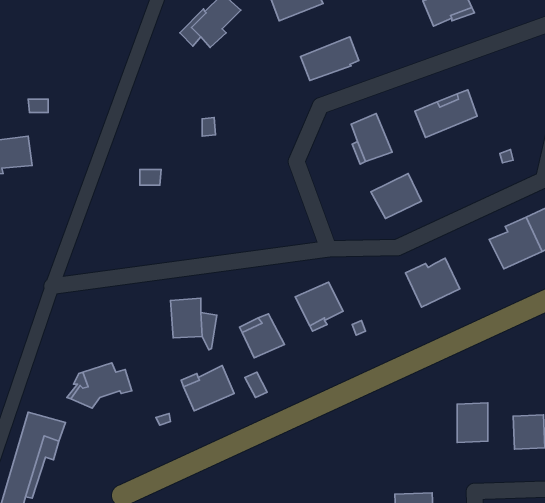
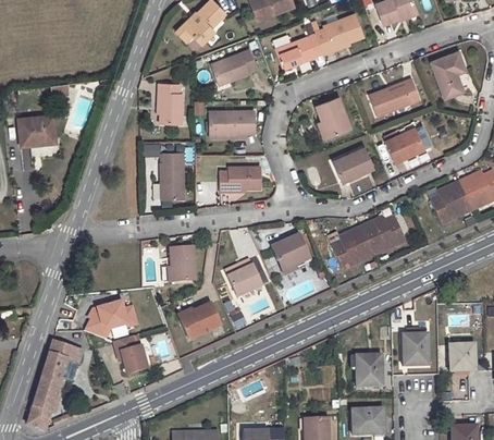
building: none -> [316,14,363,53]
building: none -> [210,49,257,82]
building: none -> [431,51,466,97]
building: none -> [158,83,183,123]
building: none -> [209,109,255,133]
building: none -> [385,126,425,161]
building: none -> [161,151,185,198]
building: none -> [220,166,260,191]
building: none -> [331,227,374,269]
building: none -> [114,335,148,374]
building: none -> [356,355,382,387]

